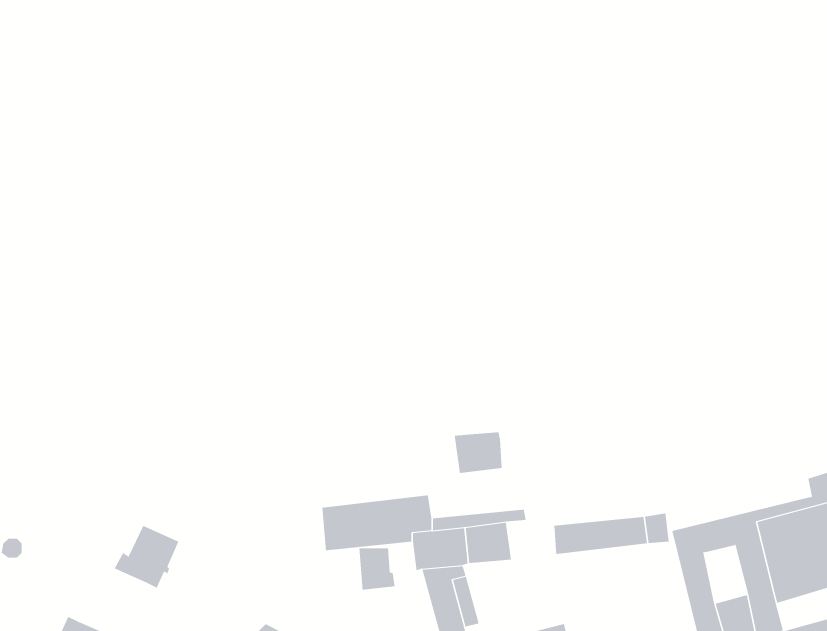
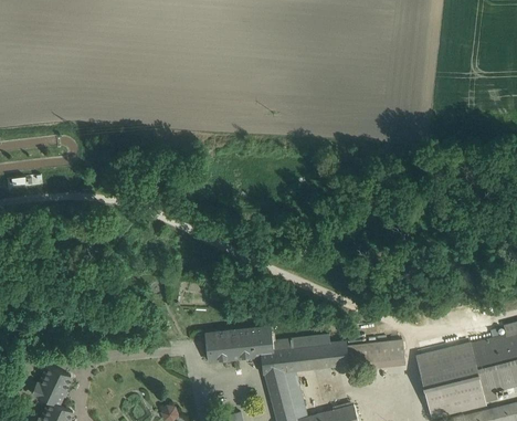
building: [454,432,503,474] -> [318,343,348,368]
building: [114,525,179,589] -> [31,367,71,406]
building: none -> [439,359,465,394]
building: [359,547,395,591] -> none

